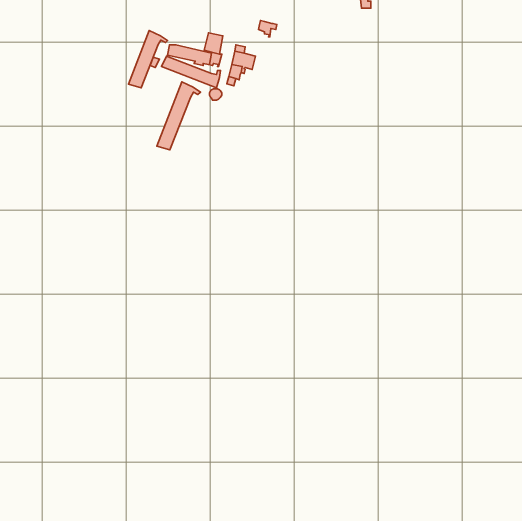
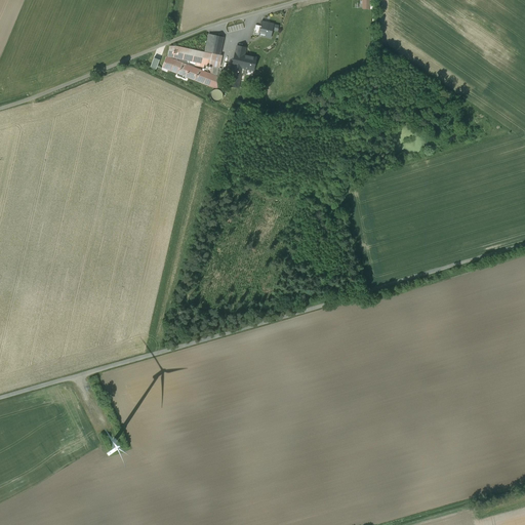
building: [128,31,168,88] -> none
building: [157,82,200,150] -> none

